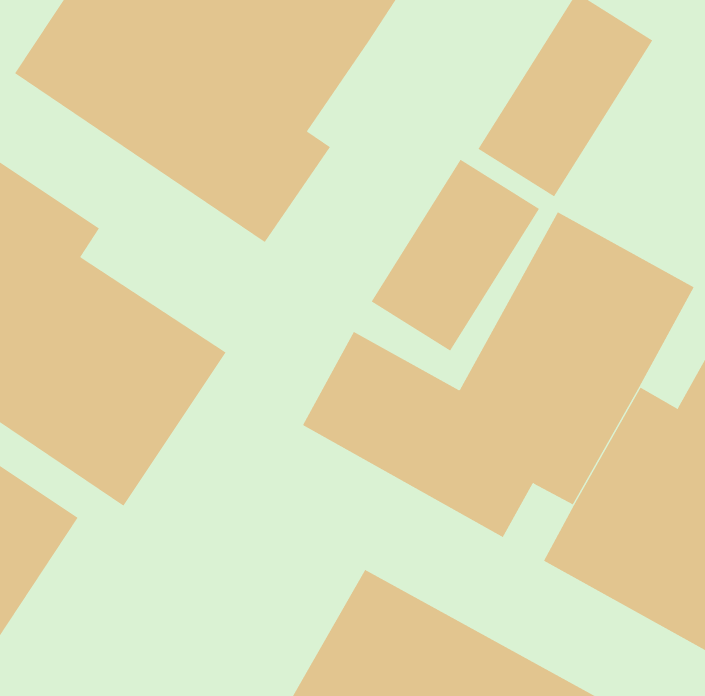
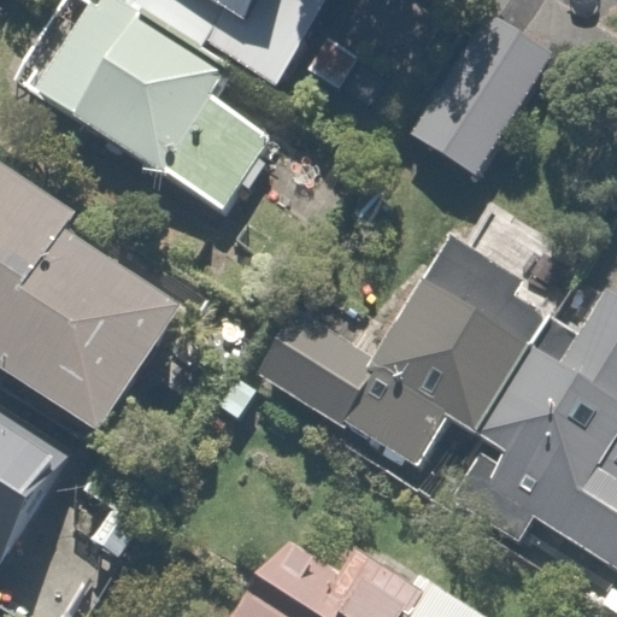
building: [371,159,540,351] -> none

